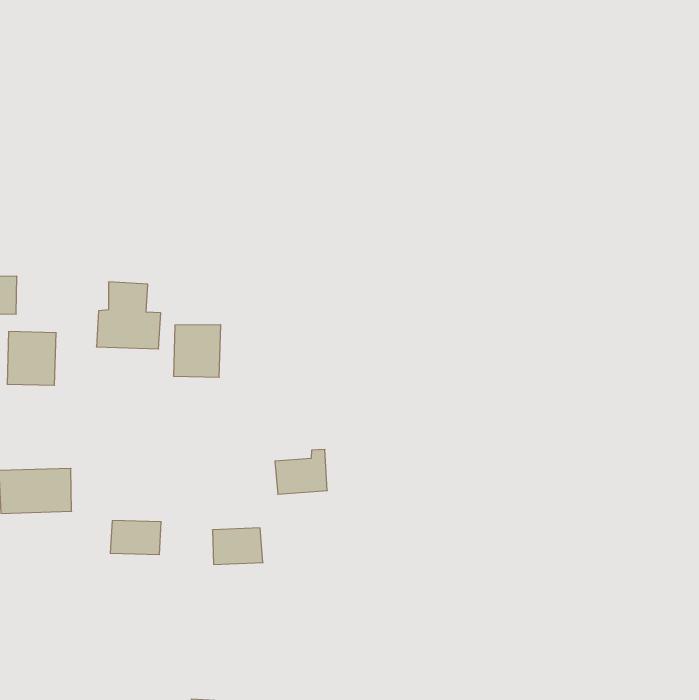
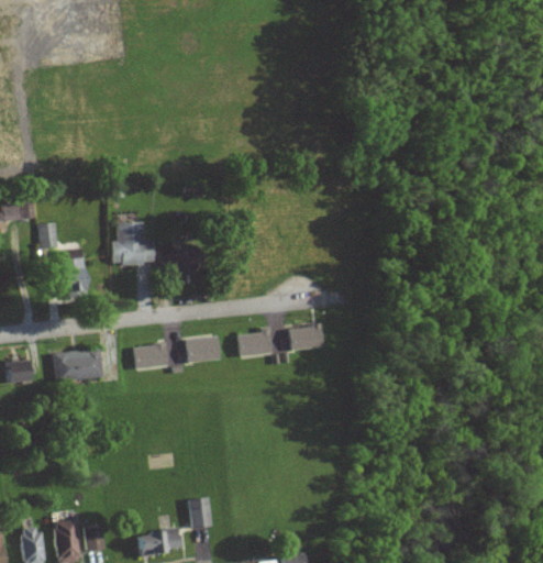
building: none -> [288,324,323,351]
building: [110,521,161,555] -> [134,344,167,367]
building: [212,528,263,564] -> [186,336,221,363]

